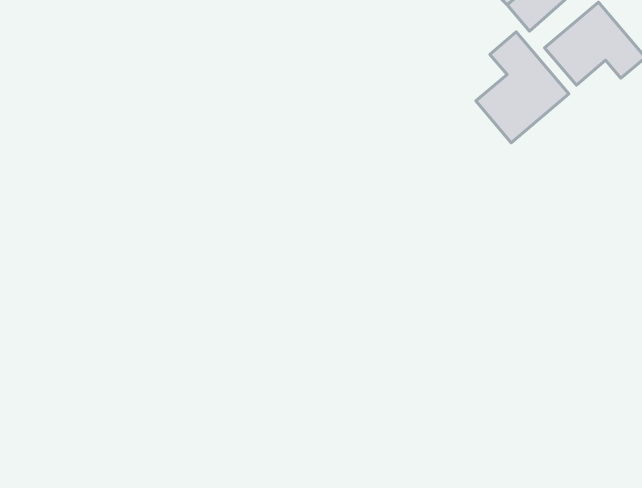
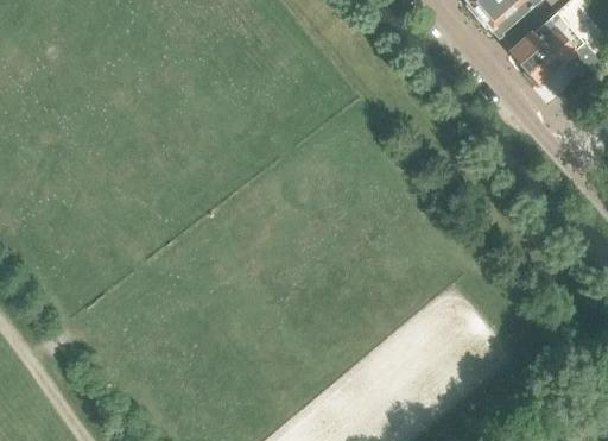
building: [476,32,569,143] -> none

